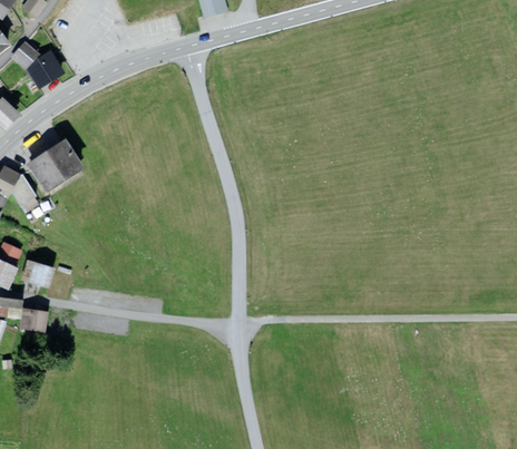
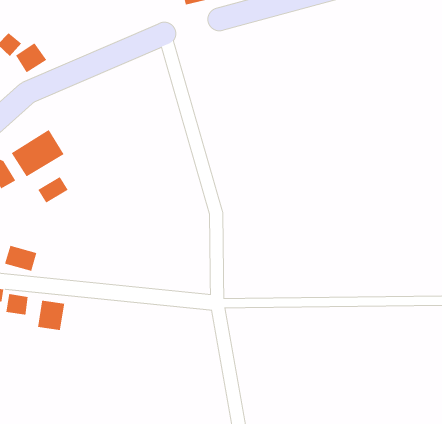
building: none -> [37,176,69,204]
building: none -> [38,300,65,331]

